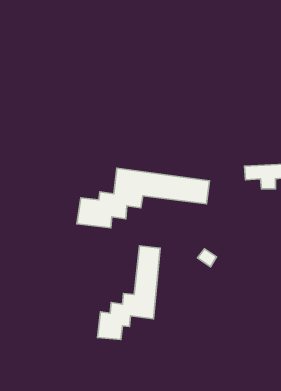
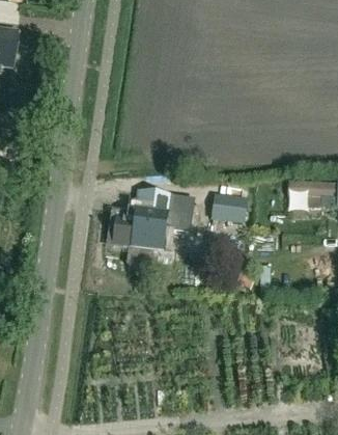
building: [98,246,160,339] -> none

